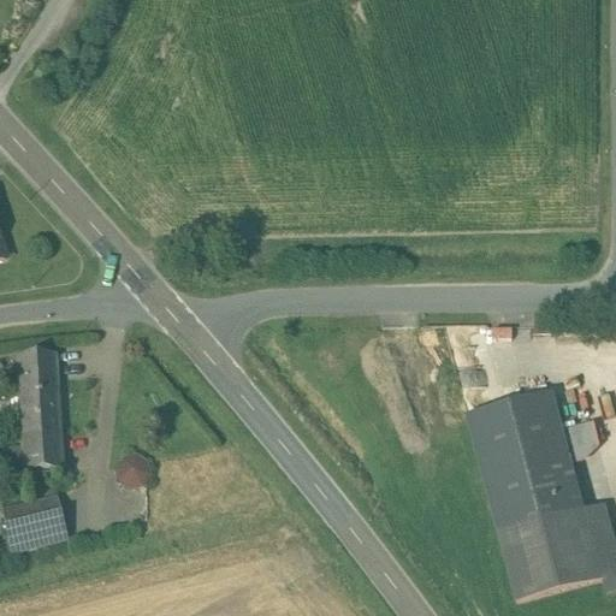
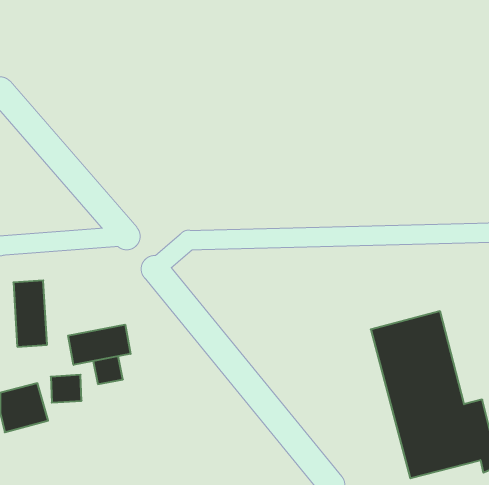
building: none -> [68,325,131,365]
building: [24,432,63,467] -> [51,375,82,403]

